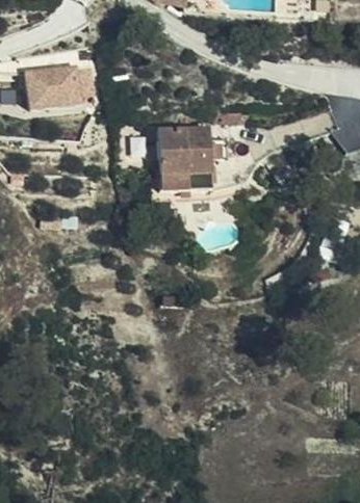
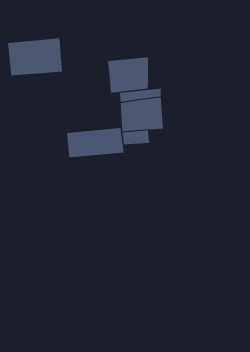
building: none -> [107,56,149,93]
building: none -> [67,127,124,158]

